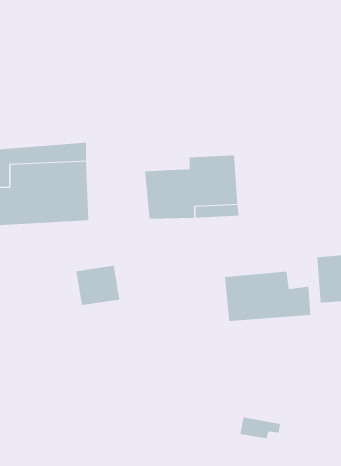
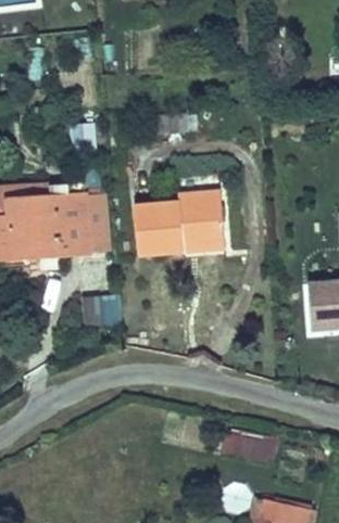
building: none -> [89,193,113,251]
building: [224,271,311,322] -> none

